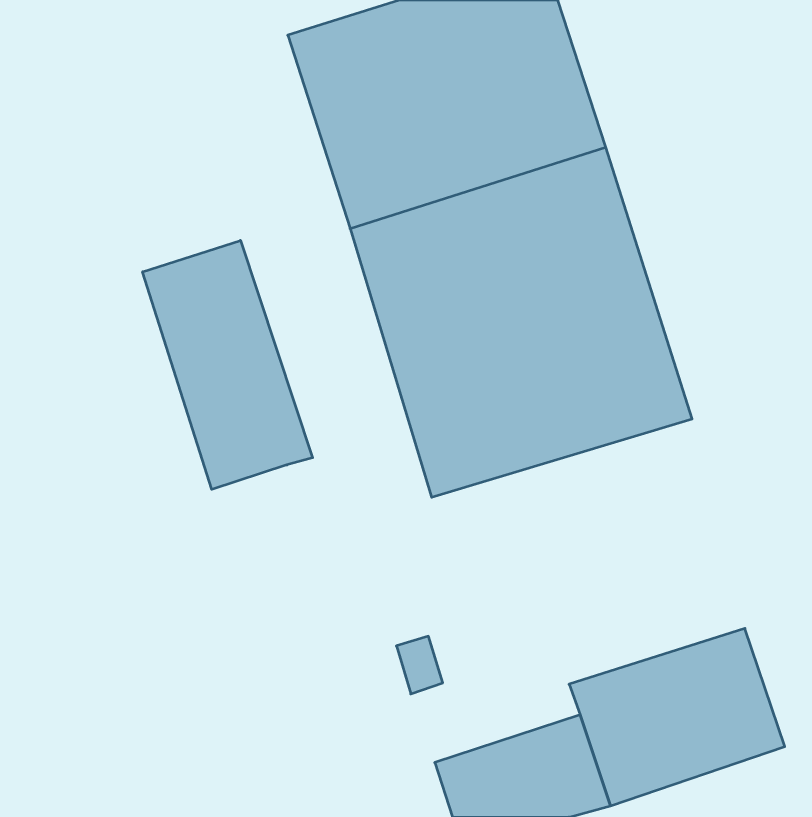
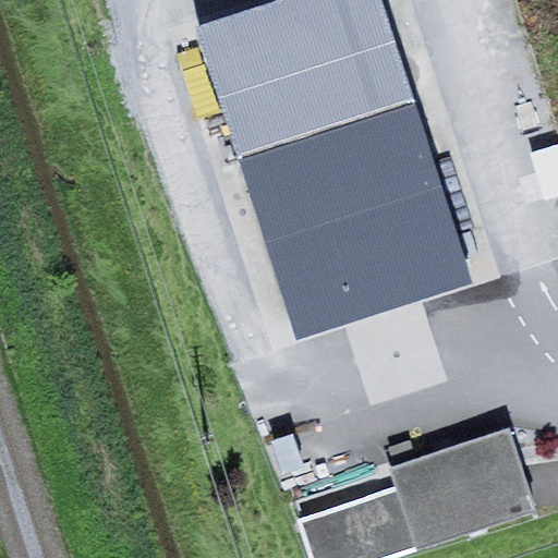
building: [143,240,313,489] -> none

